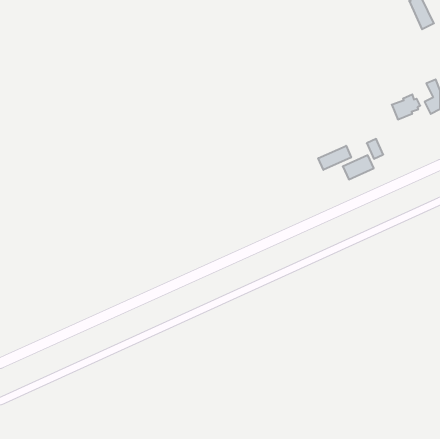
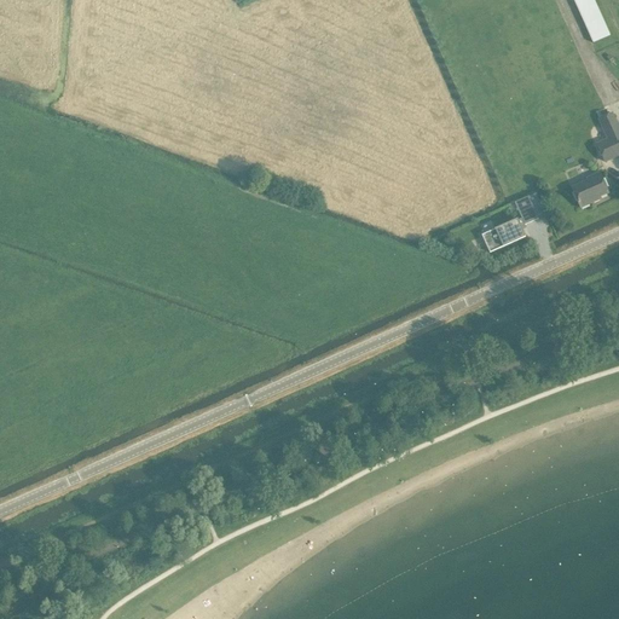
building: [392,94,420,119] -> [571,170,611,206]
building: [318,146,351,170] -> none

